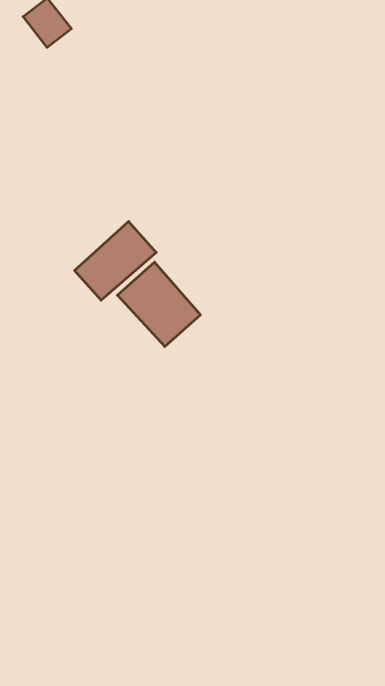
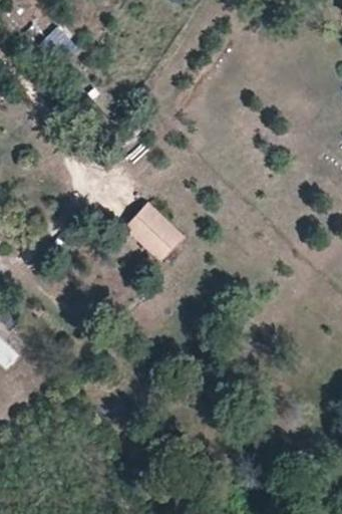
building: [75,221,156,300] -> none

